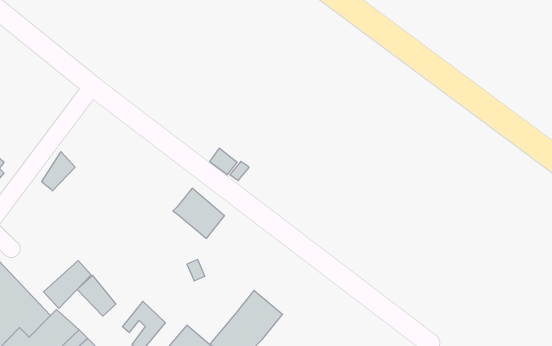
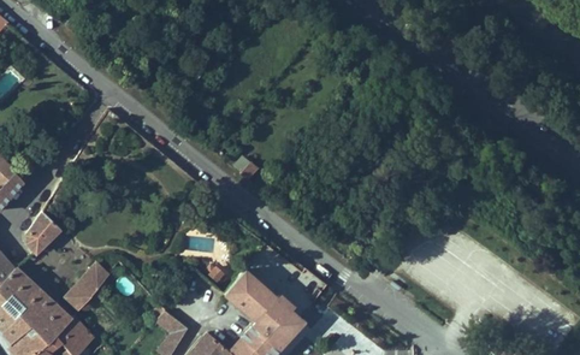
building: [42,152,75,191] -> [25,211,59,250]
building: [173,188,224,238] -> [223,268,274,319]
building: [77,275,116,316] -> none

